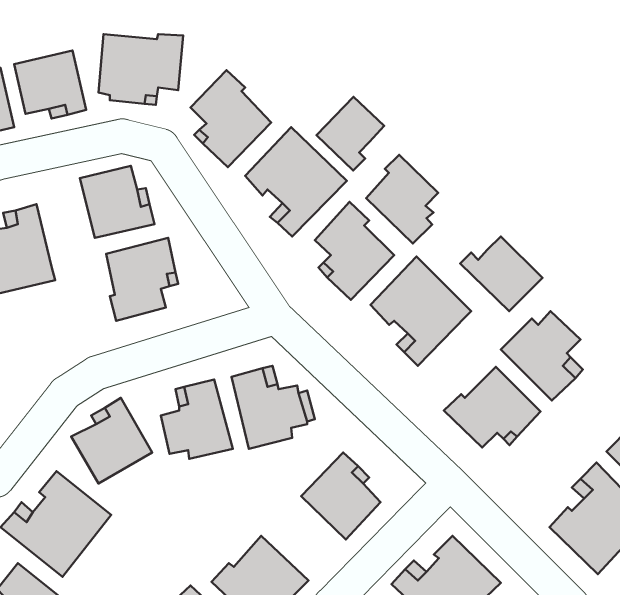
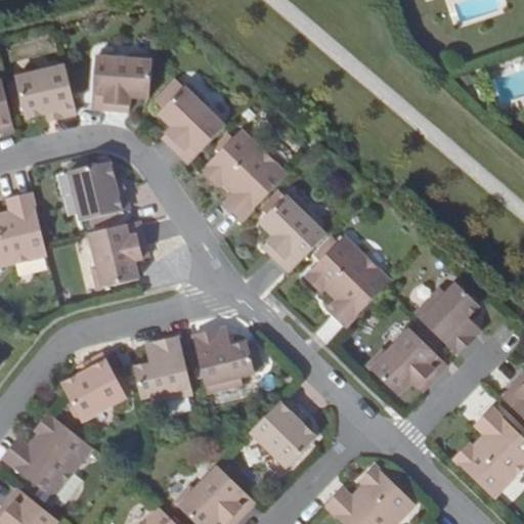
building: [316,97,384,170] -> none
building: [366,155,438,244] -> none
building: [460,236,543,311] -> none

